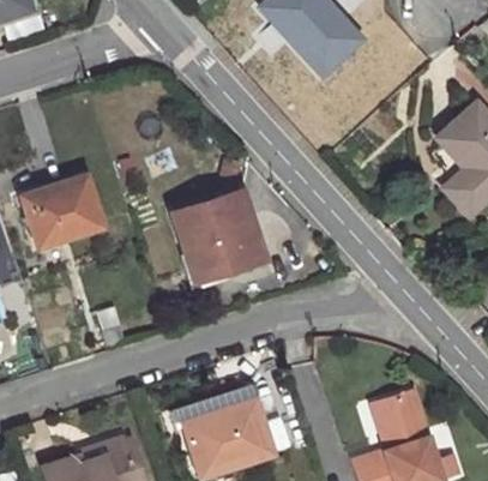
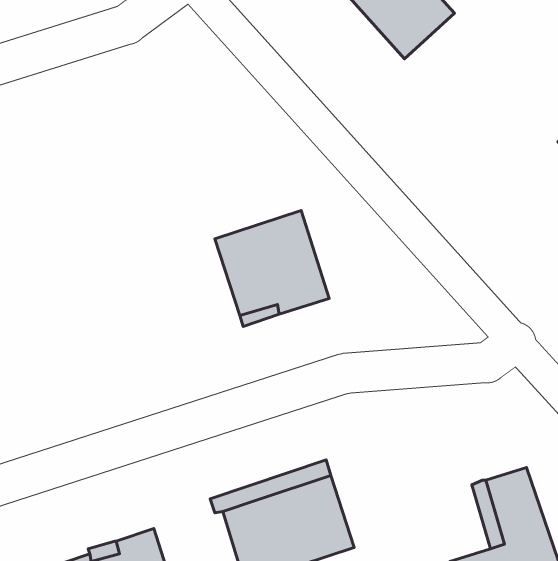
building: [22,176,102,247] -> none

